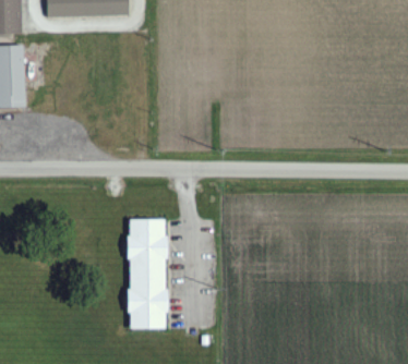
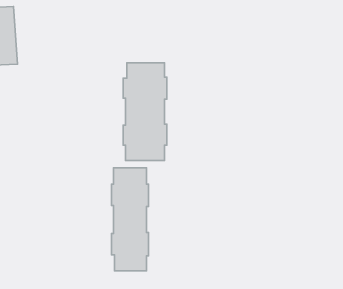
building: none -> [123,63,167,161]

